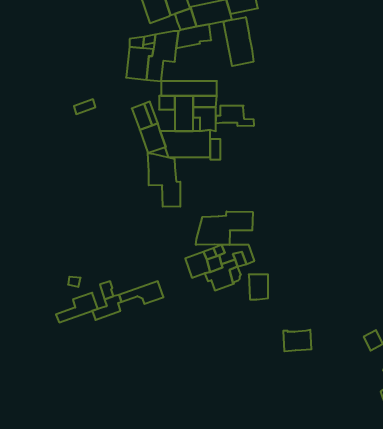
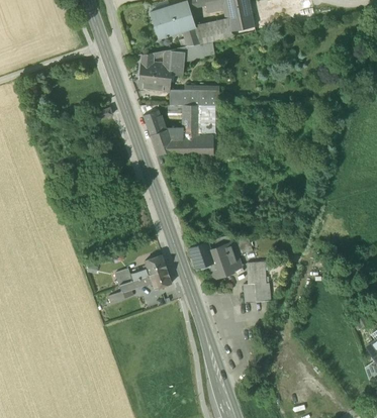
building: [224,17,253,66] -> none
building: [216,106,254,126] -> none
building: [148,153,180,207] -> none
building: [196,211,253,245] -> none
building: [56,293,98,322] -> [129,254,167,281]
building: [283,330,312,351] -> [245,283,270,302]

